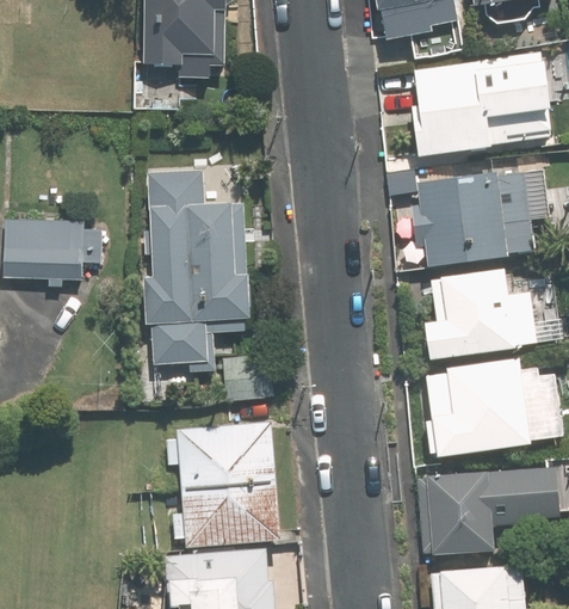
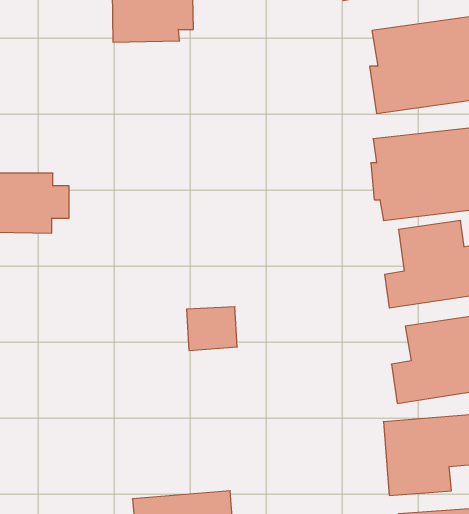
building: [141,168,248,362] -> none
building: [177,422,279,545] -> none

